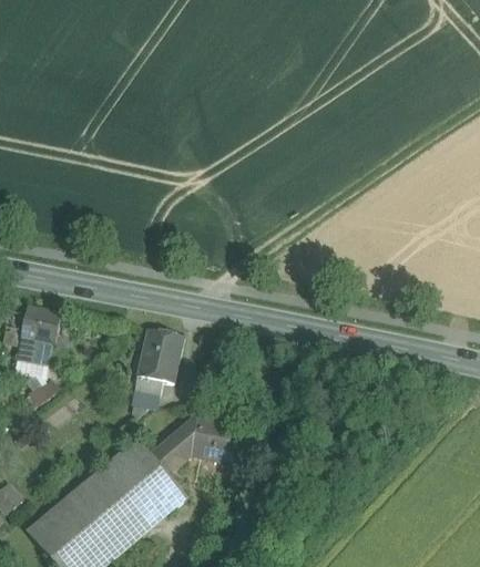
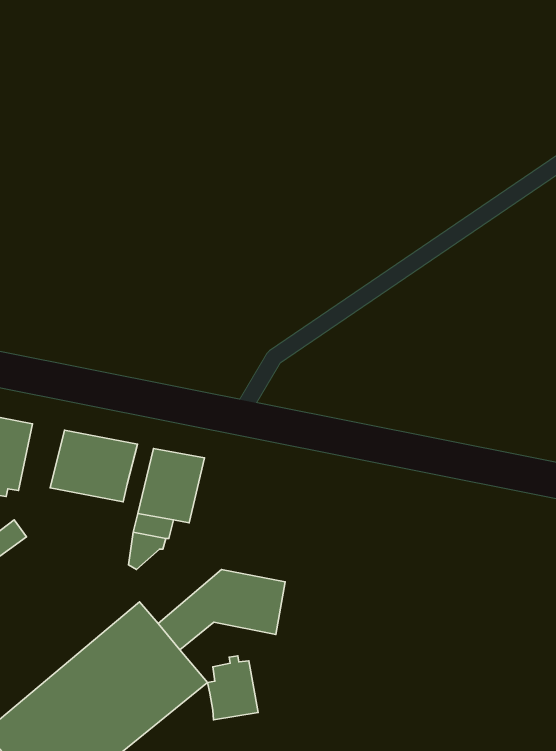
building: none -> [50,430,137,502]
building: none -> [208,656,258,720]

